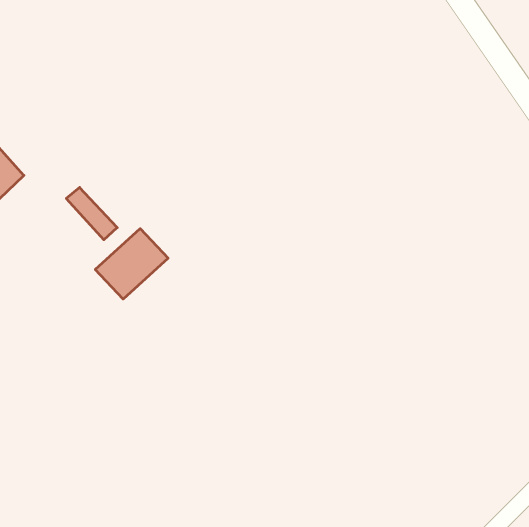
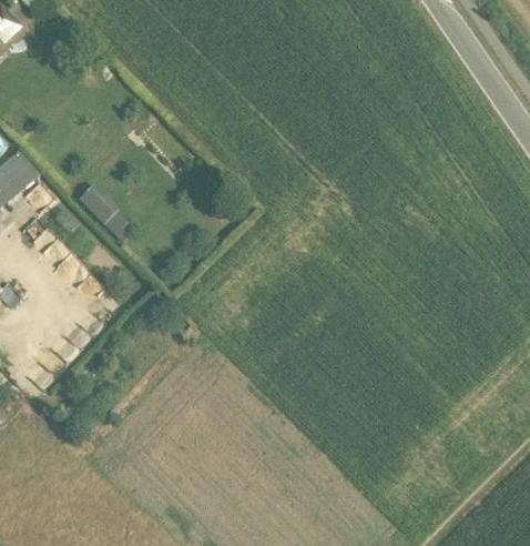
building: [95,229,168,299] -> none

